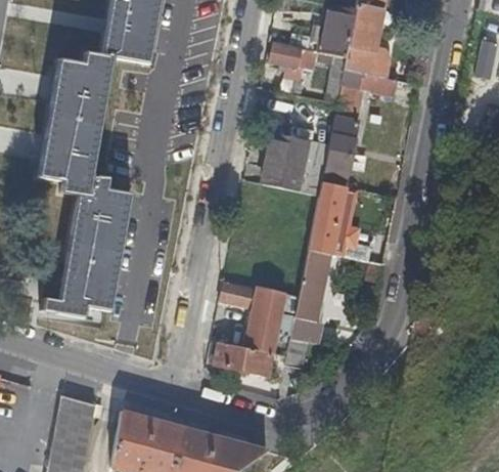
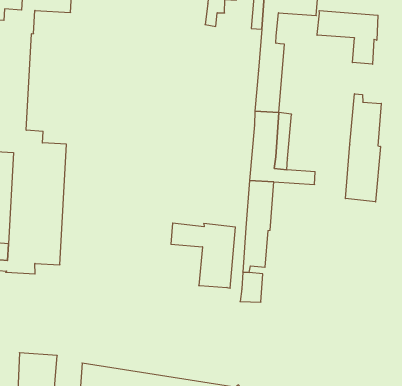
building: none -> [317,11,378,64]
building: [265,132,329,196] -> none
building: none -> [345,94,381,202]
building: [211,341,273,375] -> none

